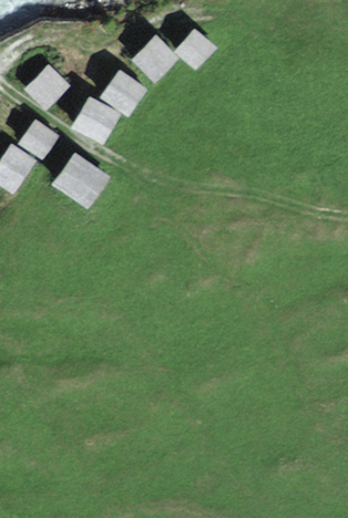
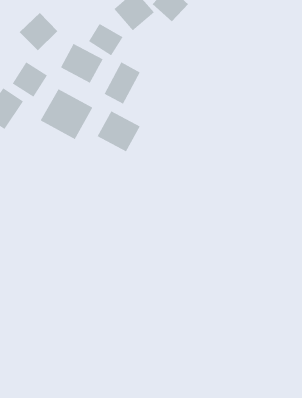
building: none -> [104,62,140,105]
building: none -> [97,110,140,152]

